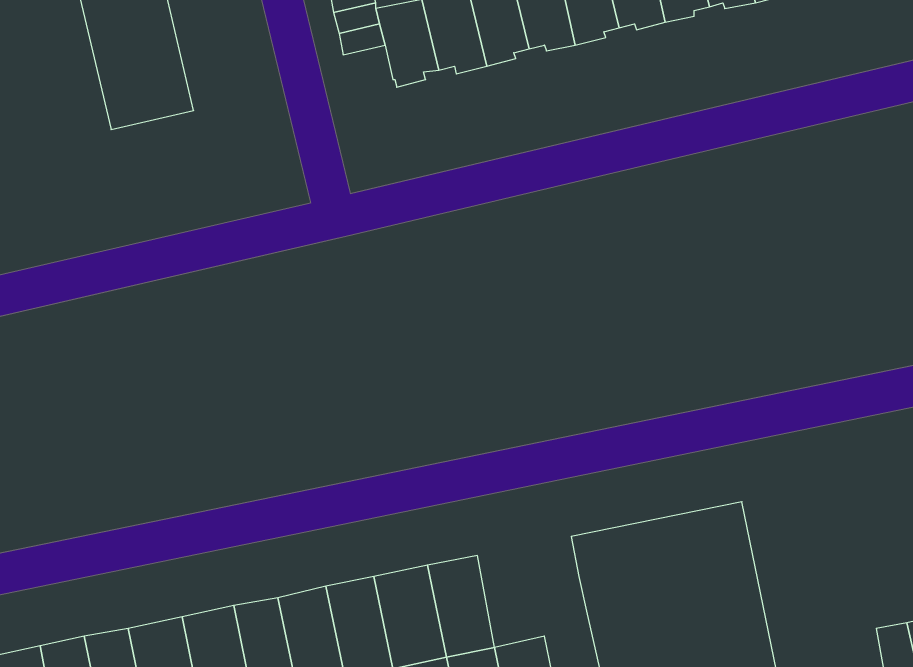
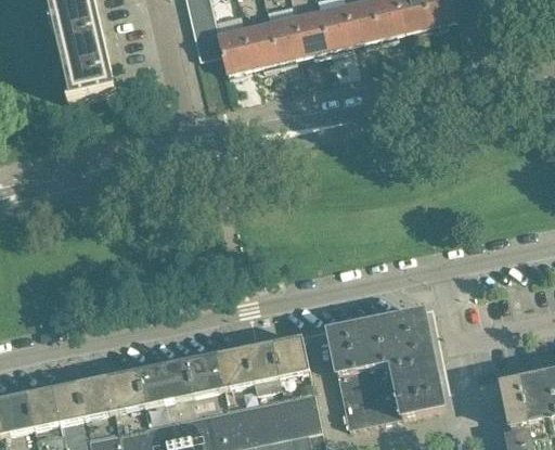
building: none -> [275,336,313,394]

